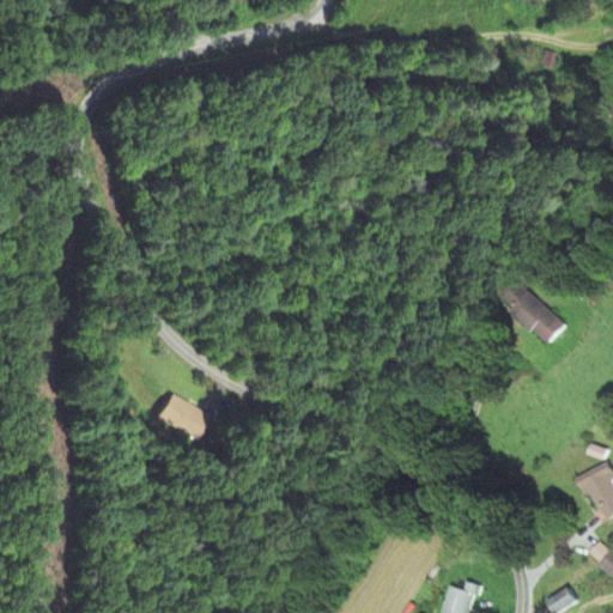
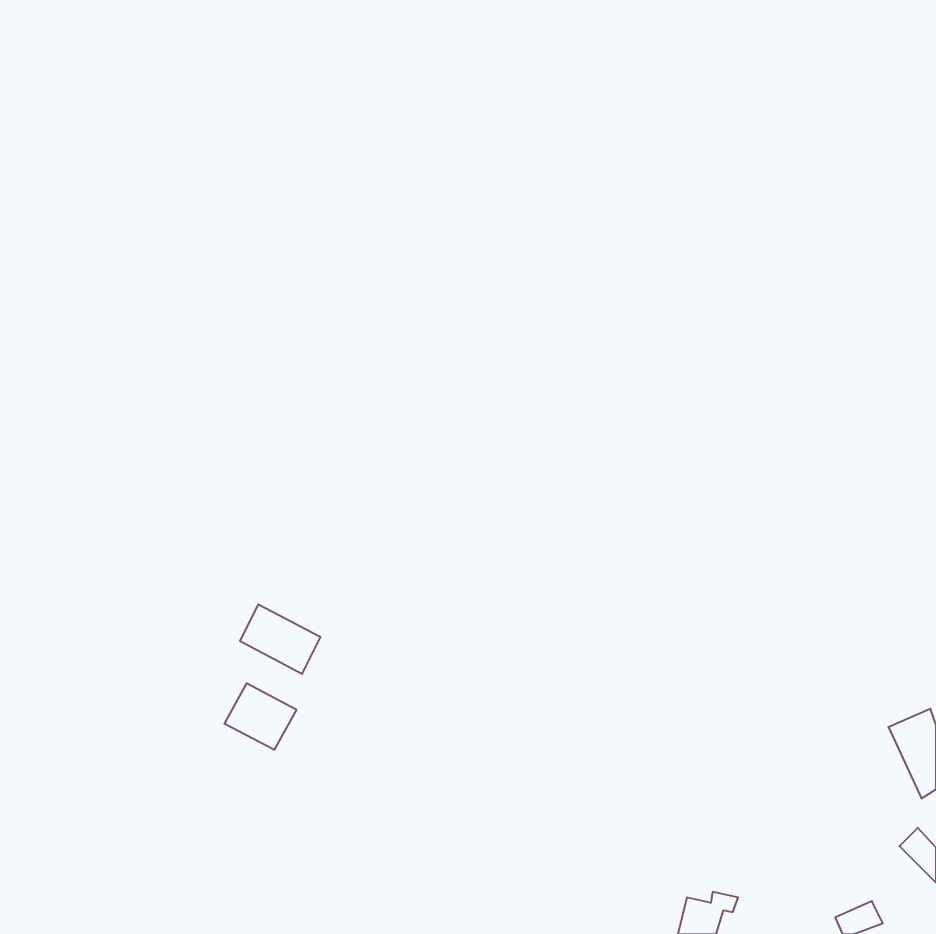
building: [499,280,566,345] -> none
building: none -> [224,683,296,750]

